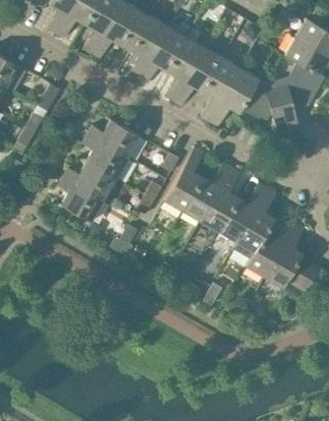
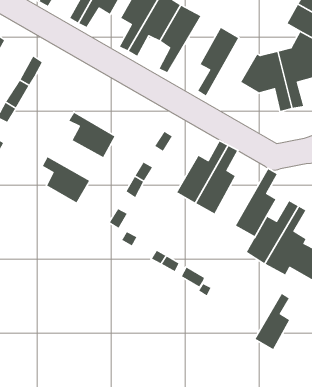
building: [174,48,223,106] -> none
building: [210,68,259,127] -> none
building: [88,119,140,159] -> none
building: [164,146,204,211] -> none
building: [63,163,115,199] -> none
building: [218,183,267,241] -> none
building: none -> [254,293,290,350]

